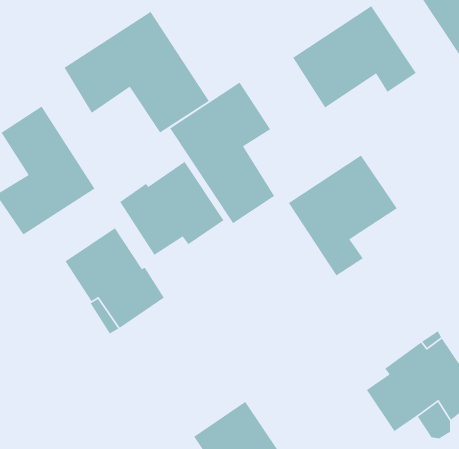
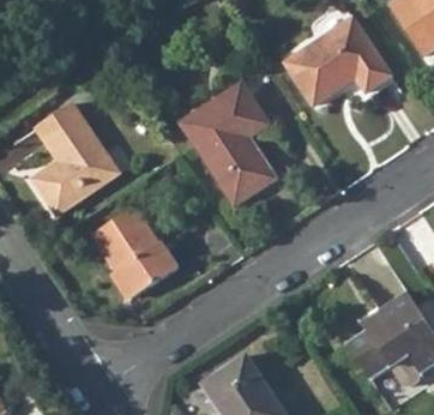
building: [63,11,210,133] -> none
building: [288,155,398,277] -> none
building: [119,161,225,256] -> none

